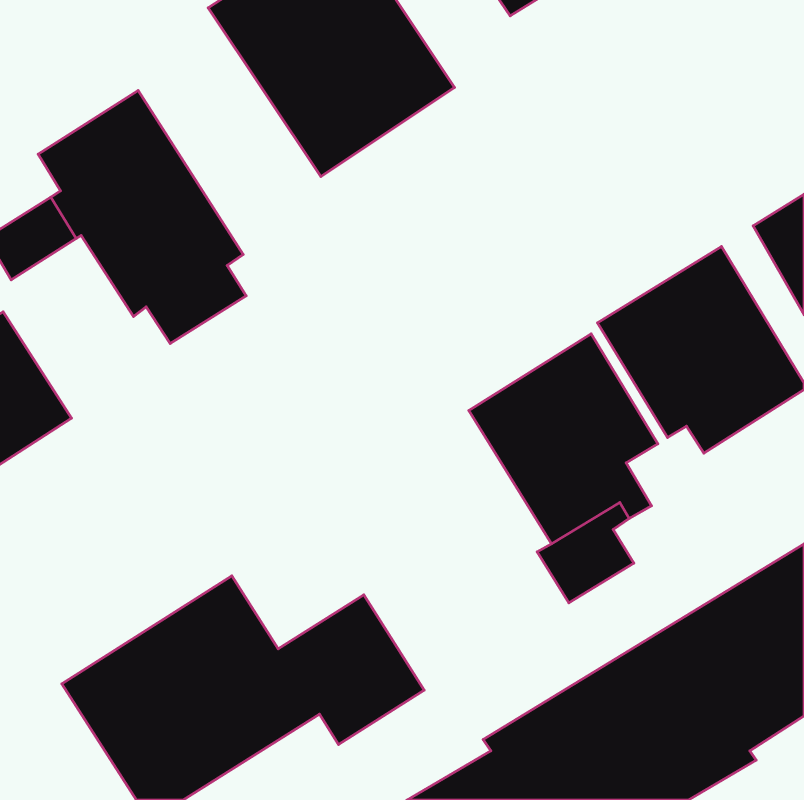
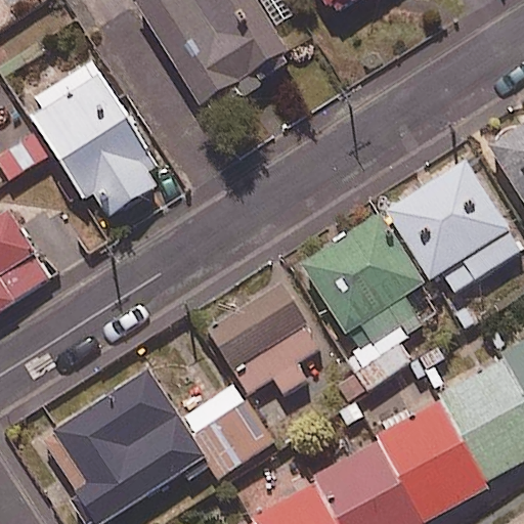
building: none -> [211,282,319,396]

